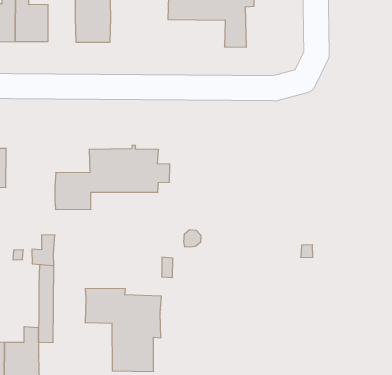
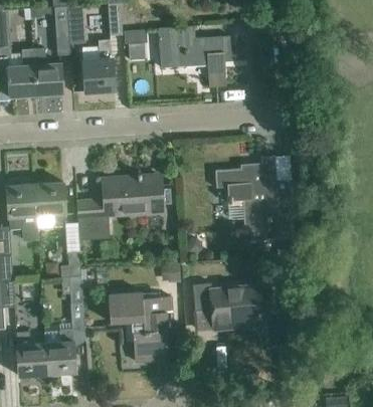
building: none -> [214,156,293,241]
building: none -> [34,182,65,227]
building: none -> [192,284,272,330]

